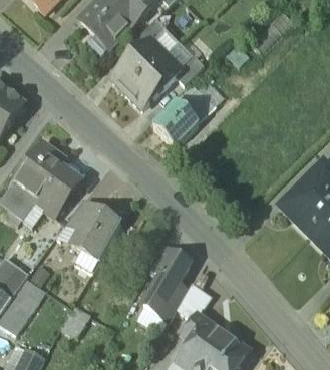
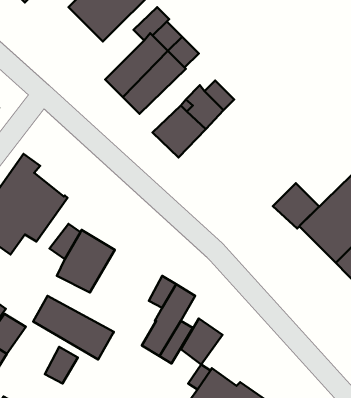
building: none -> [273,183,319,228]
building: none -> [33,296,114,359]

